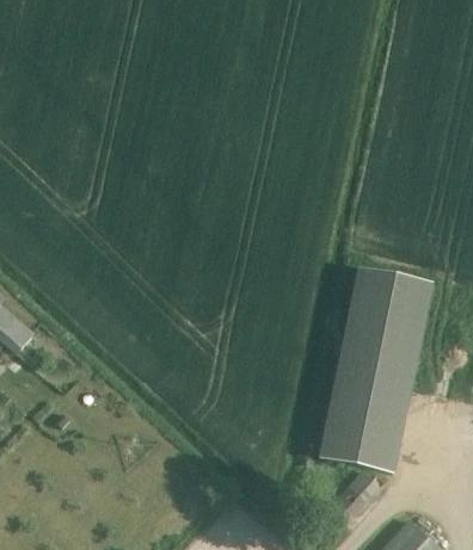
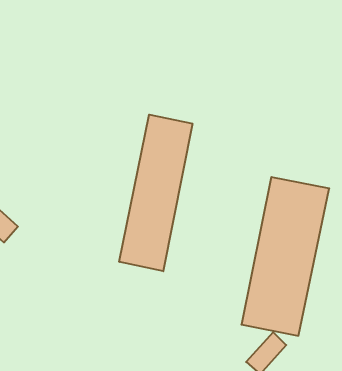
building: none -> [119,115,192,271]

